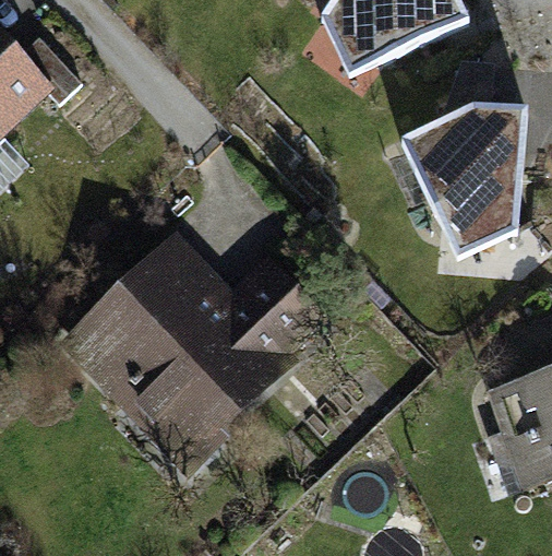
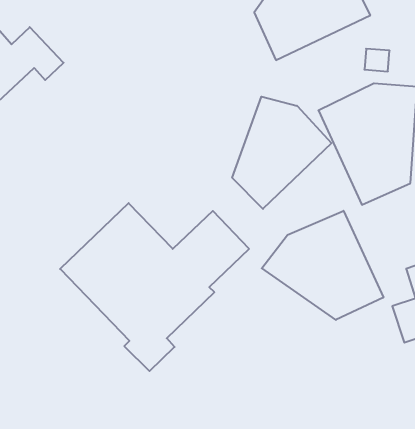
building: none -> [232,97,331,209]
building: none -> [262,211,383,320]

